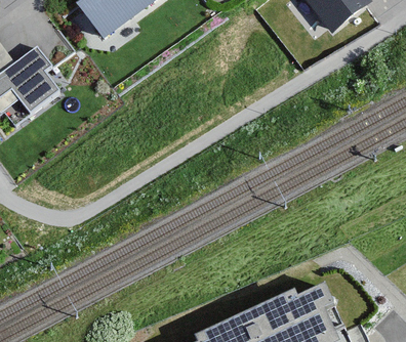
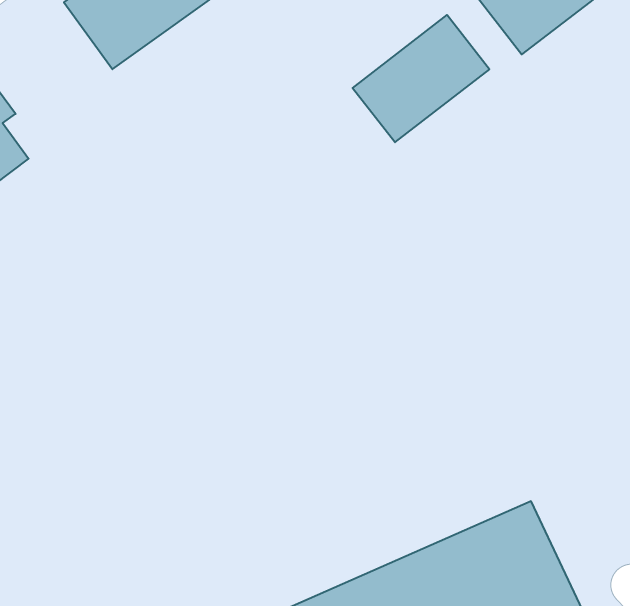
building: none -> [353,15,489,142]

